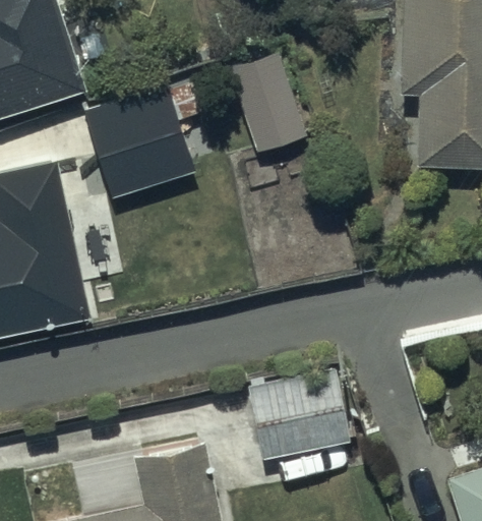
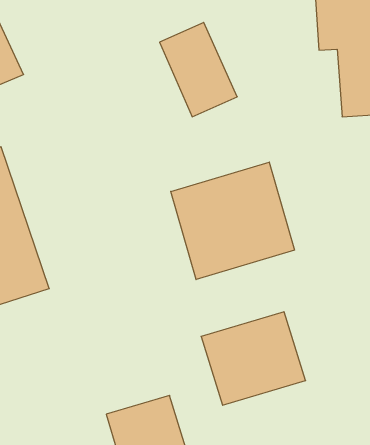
building: [80,83,194,196] -> none
building: none -> [171,162,295,280]

